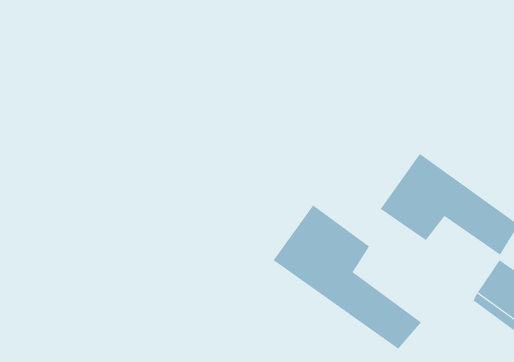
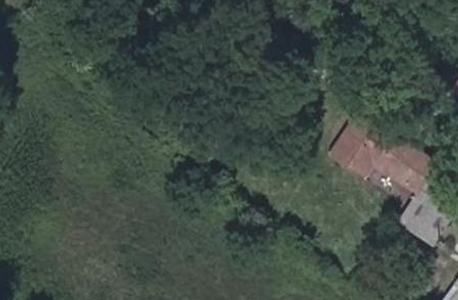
building: [273,204,422,349] -> none

